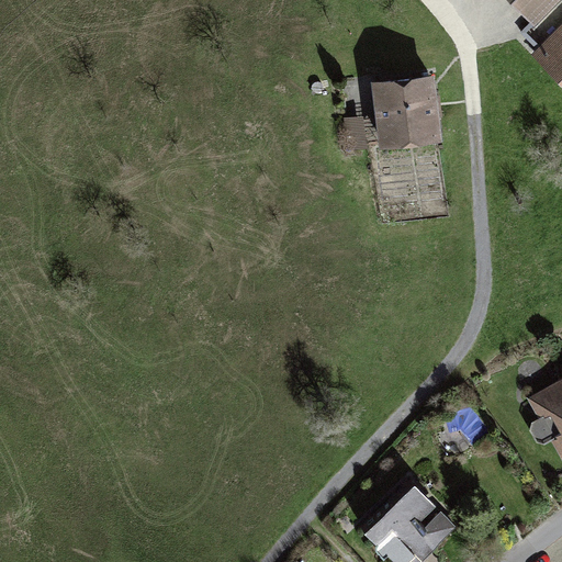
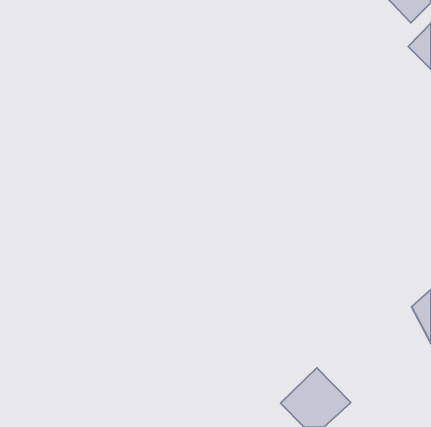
building: [373,81,442,154] -> none

